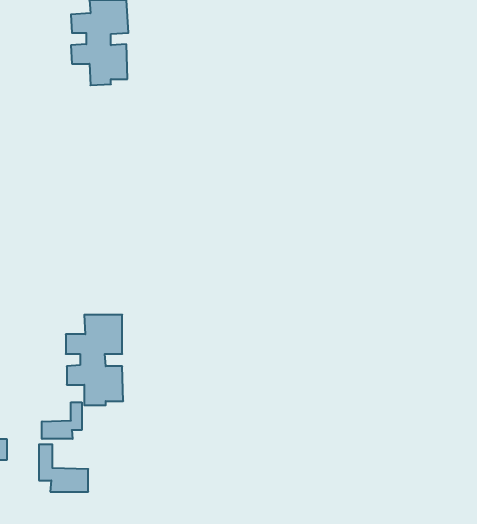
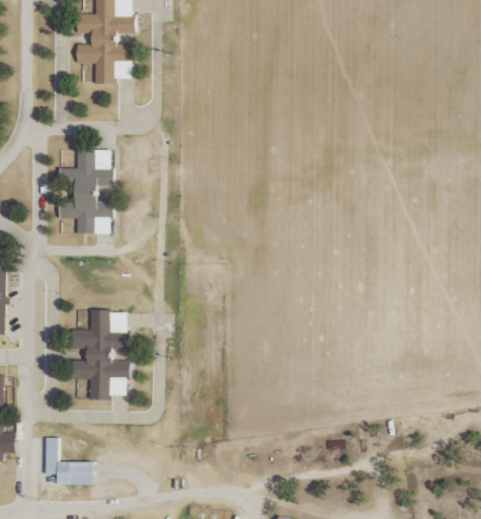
building: none -> [58,149,111,234]
building: [42,402,82,439] -> none

